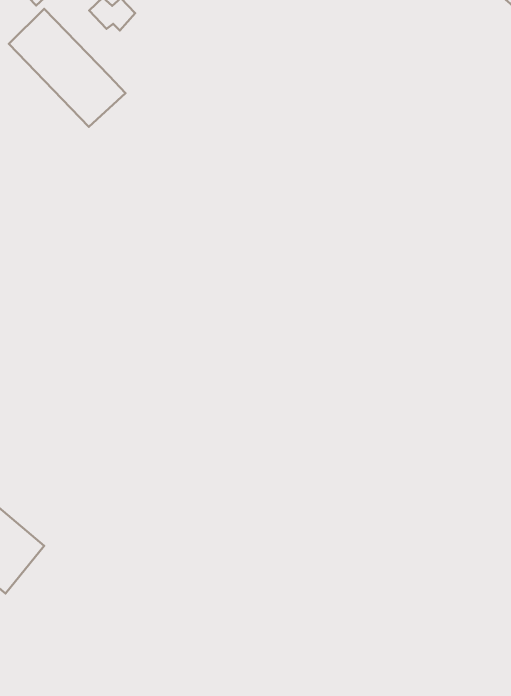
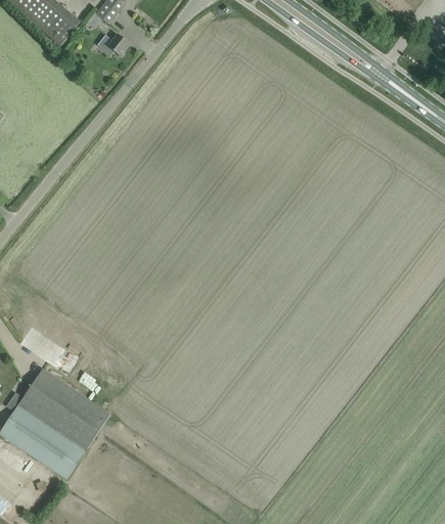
building: [9,9,126,127] -> none

